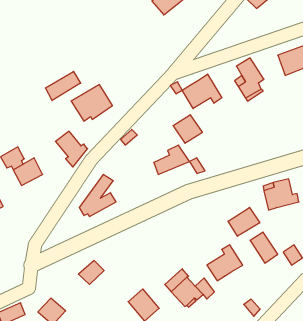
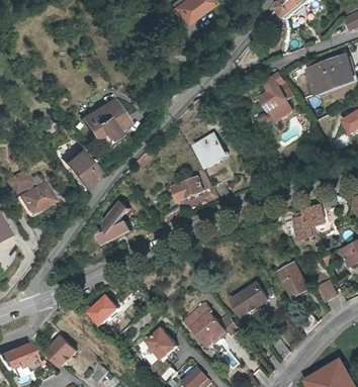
building: [45,71,81,101] -> none
building: [182,74,222,109] -> none
building: [228,207,260,236] -> none

